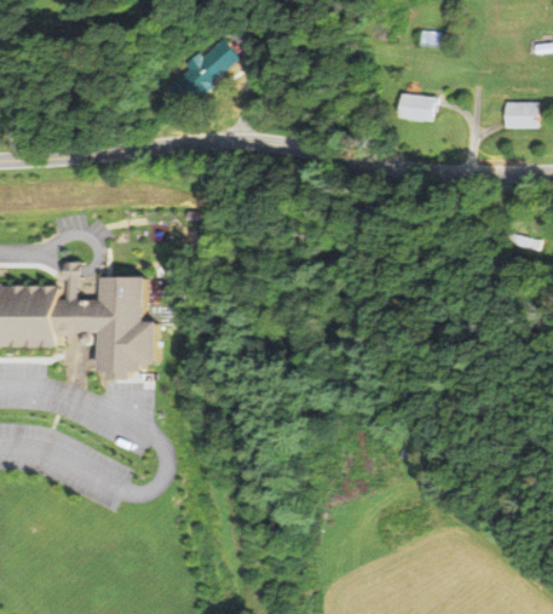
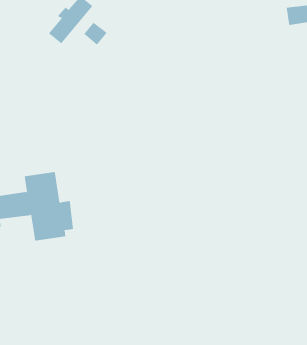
building: none -> [83,22,108,45]
building: [396,93,433,120] -> none

